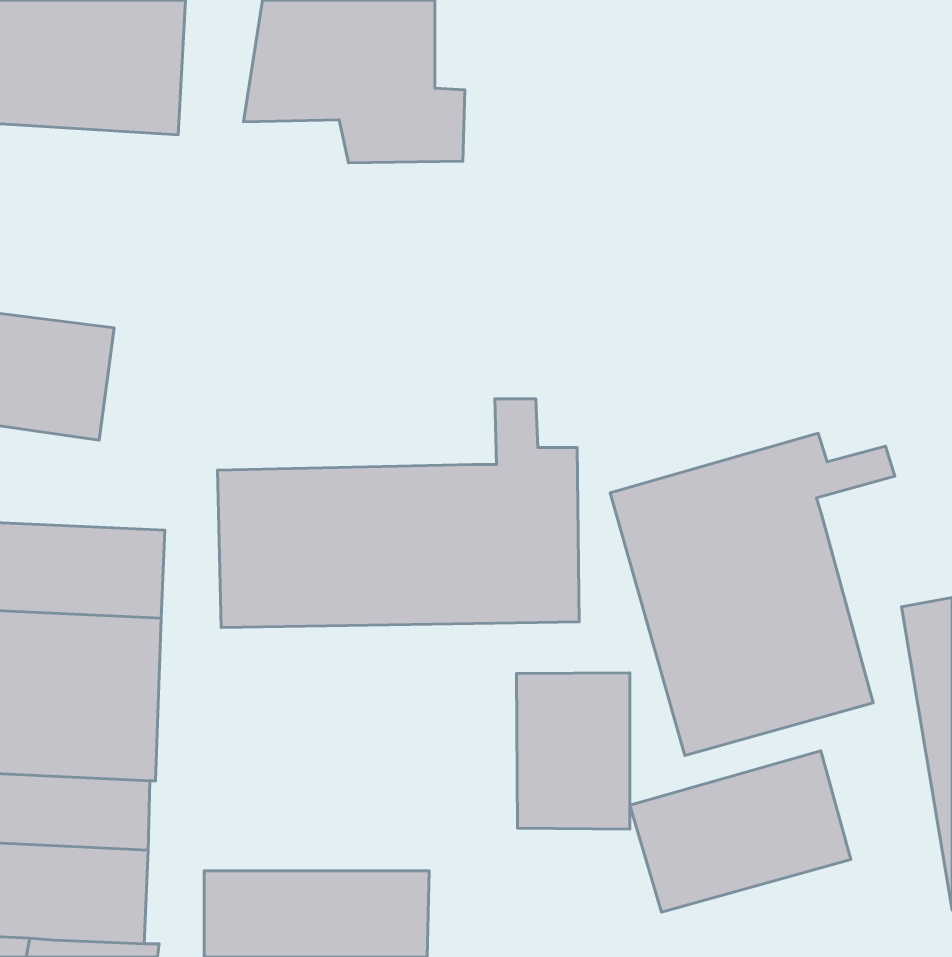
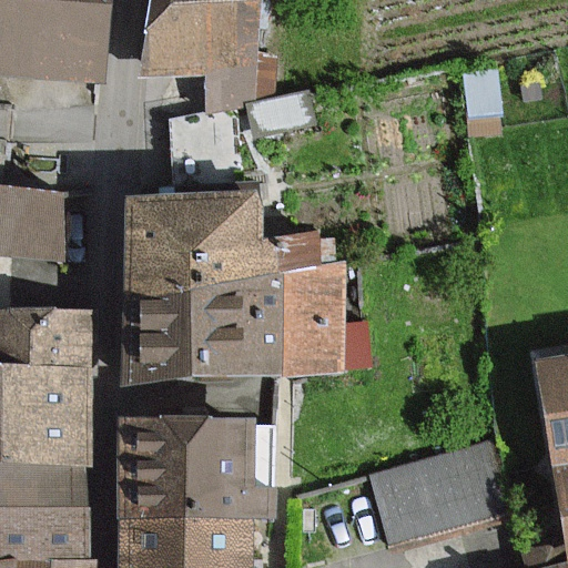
building: none -> [128,191,280,278]
building: [610,433,895,755] -> none
building: [516,673,630,829] -> none
building: none -> [121,416,276,516]

